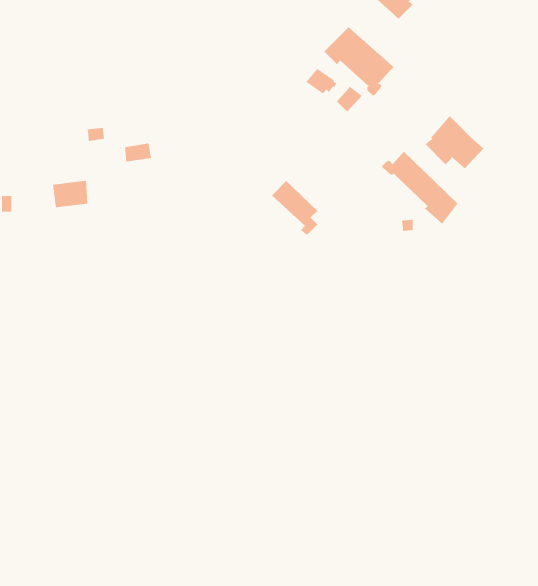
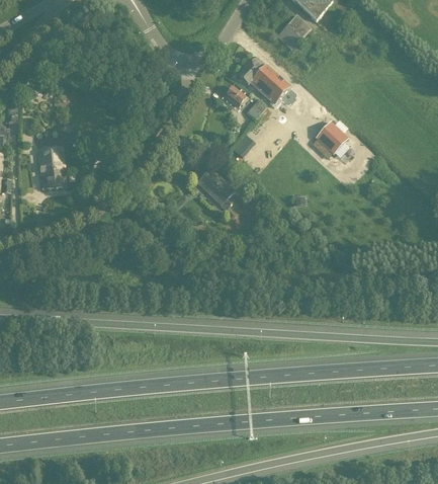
building: none -> [37,146,65,171]
building: [382,151,458,224] -> none

